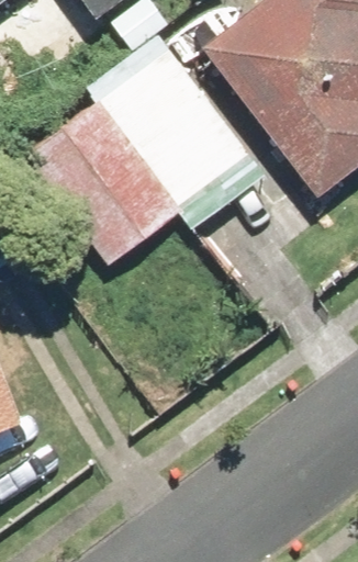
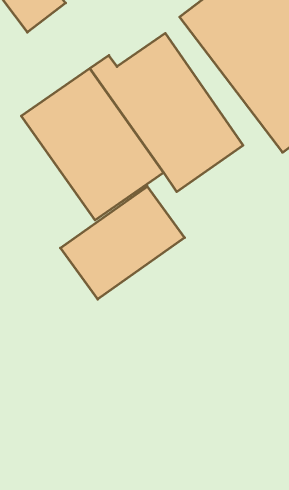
building: none -> [60,186,185,299]

